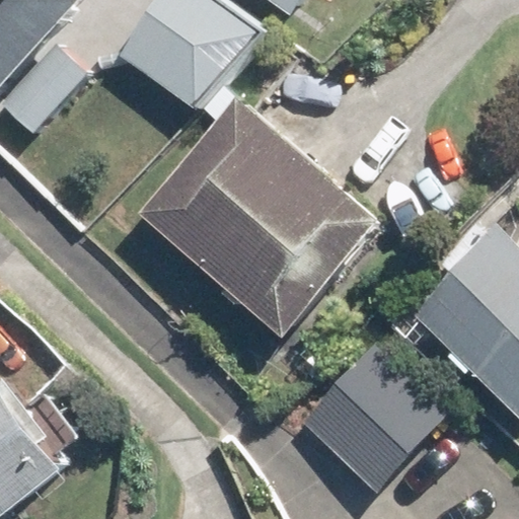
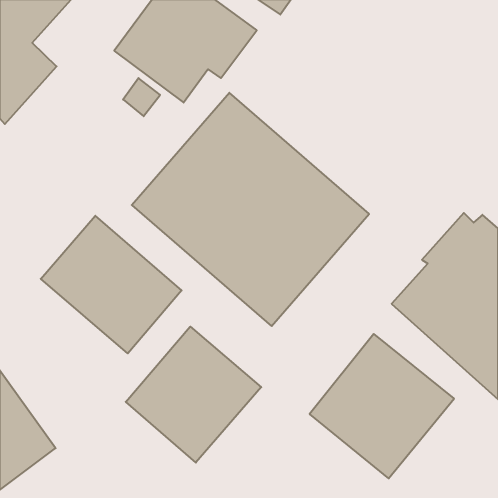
building: none -> [41,216,182,353]
building: none -> [126,327,261,463]

